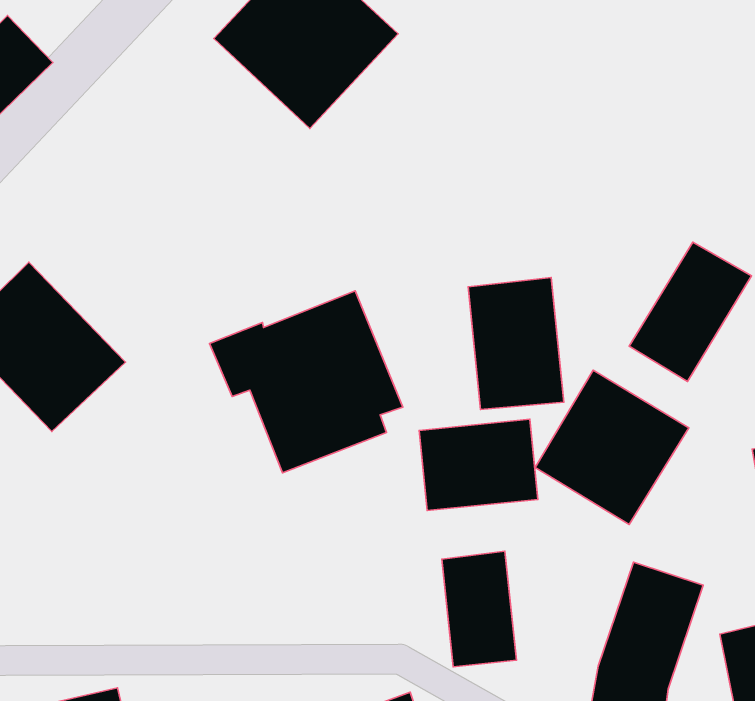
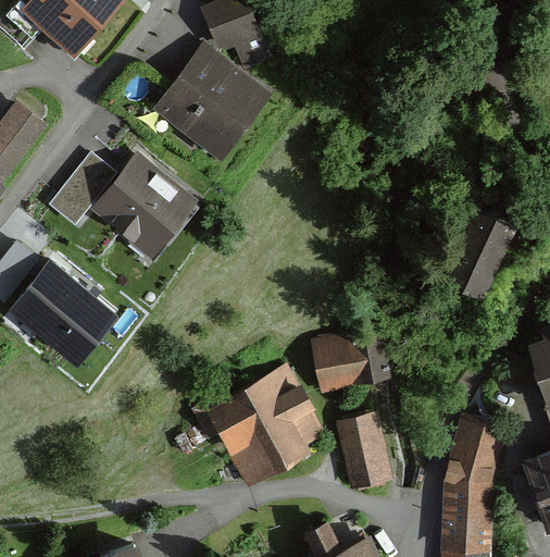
building: none -> [52,157,198,264]
building: [468,278,564,409] -> none
building: [209,291,403,473] -> [193,366,323,488]
building: [535,370,689,525] -> none

